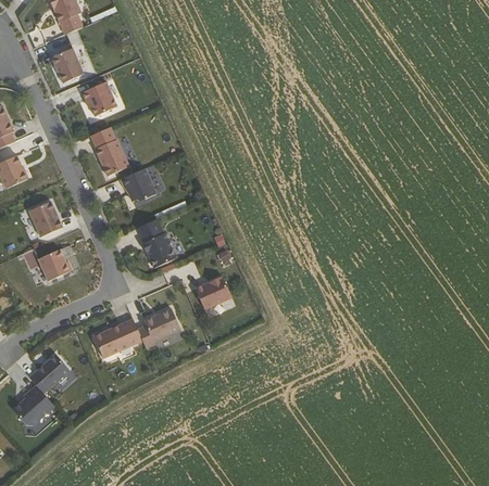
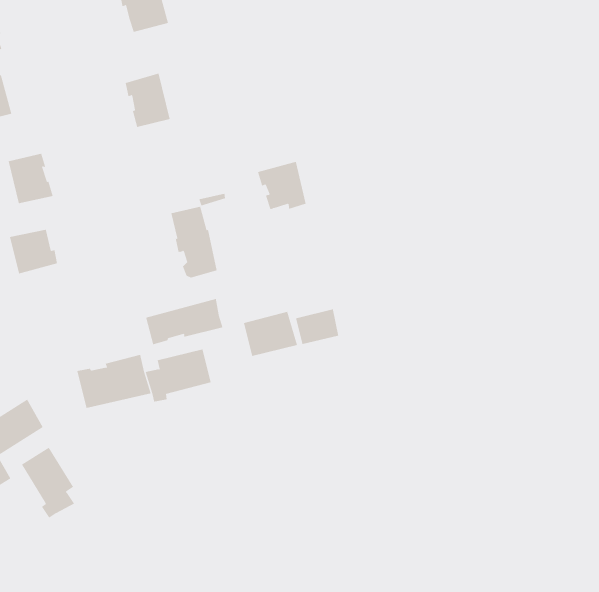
building: [129,172,164,206] -> [257,161,307,210]
building: none -> [296,309,339,345]
building: none -> [146,298,223,345]
building: none -> [21,447,75,518]

